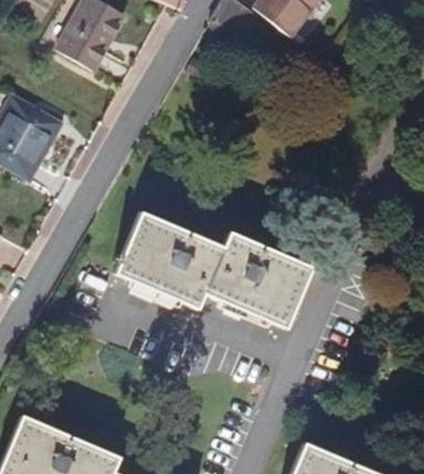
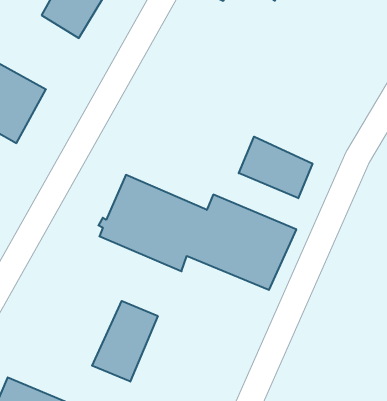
building: none -> [239,137,312,198]
building: none -> [92,301,158,382]

